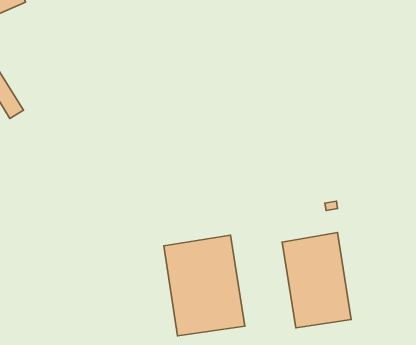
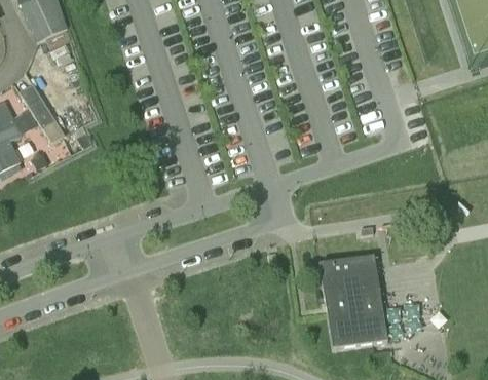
building: [164,235,245,336] -> none

